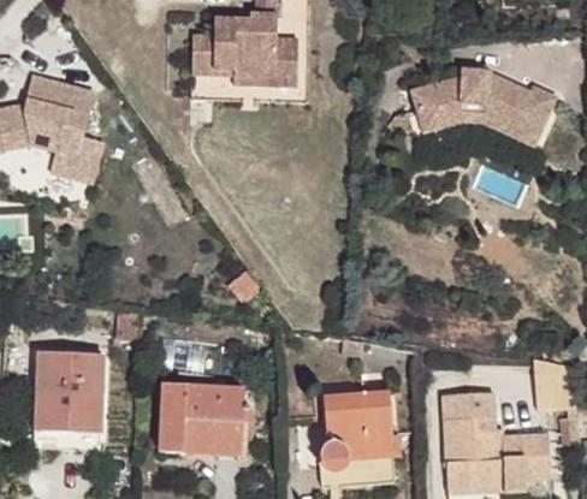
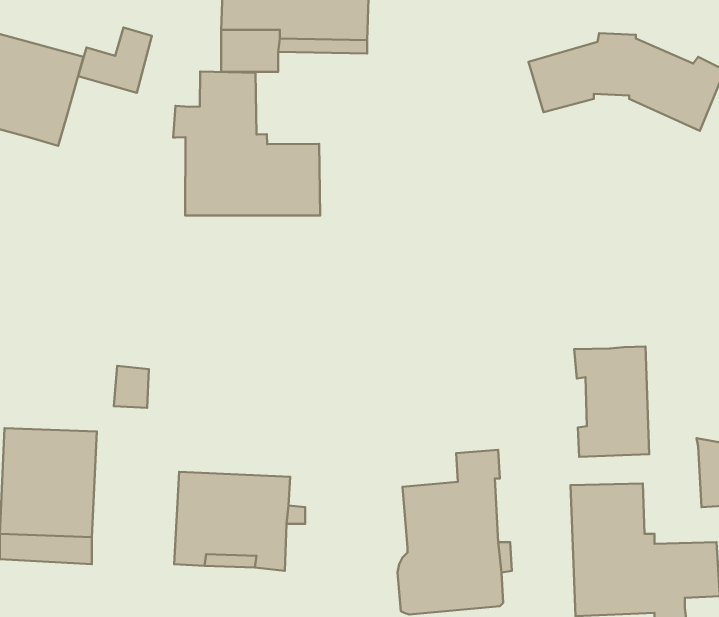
building: none -> [173,71,320,215]
building: [49,131,102,178] -> [78,27,152,93]
building: none -> [574,346,649,457]

